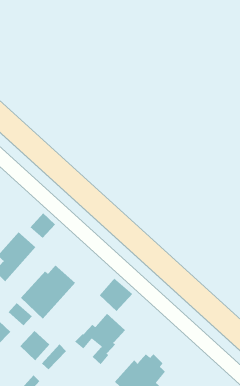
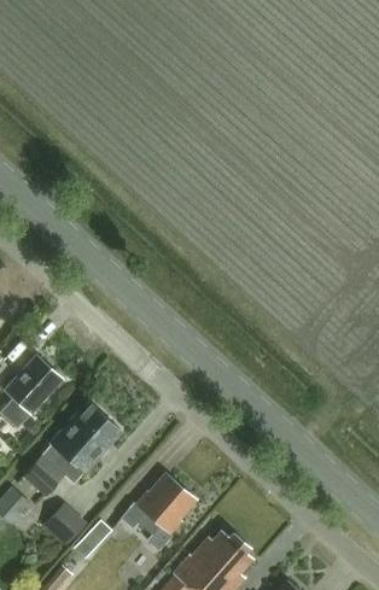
building: [30,212,56,239] -> none
building: [99,277,133,312] -> none

